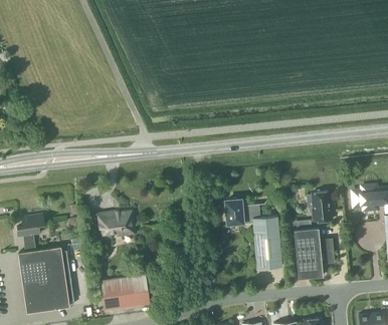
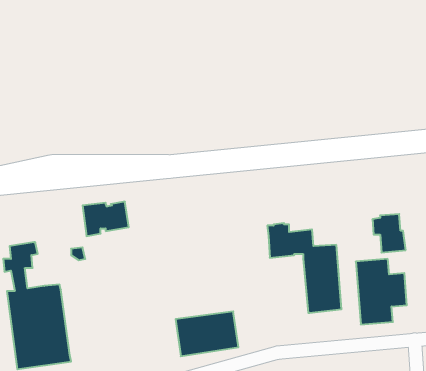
building: [98,213,134,240] -> [83,202,129,236]
building: [101,276,150,311] -> [176,311,238,356]

